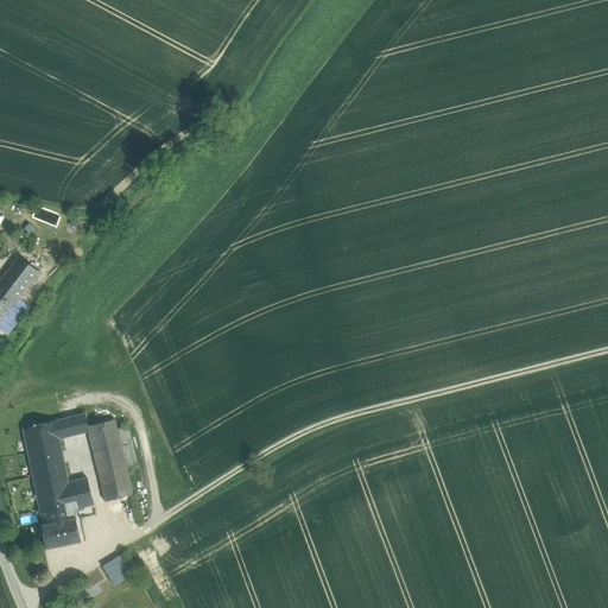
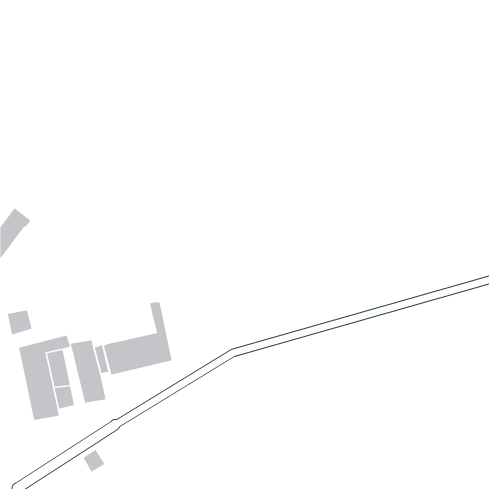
building: none -> [103,302,173,376]
building: none -> [7,309,33,335]
building: [40,517,78,546] -> none

